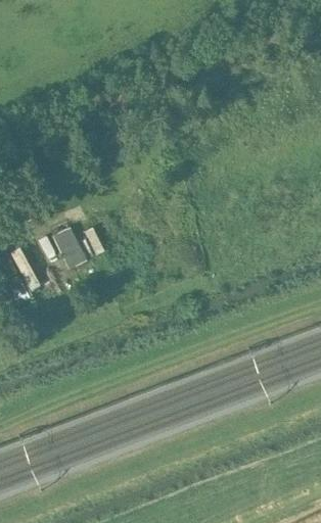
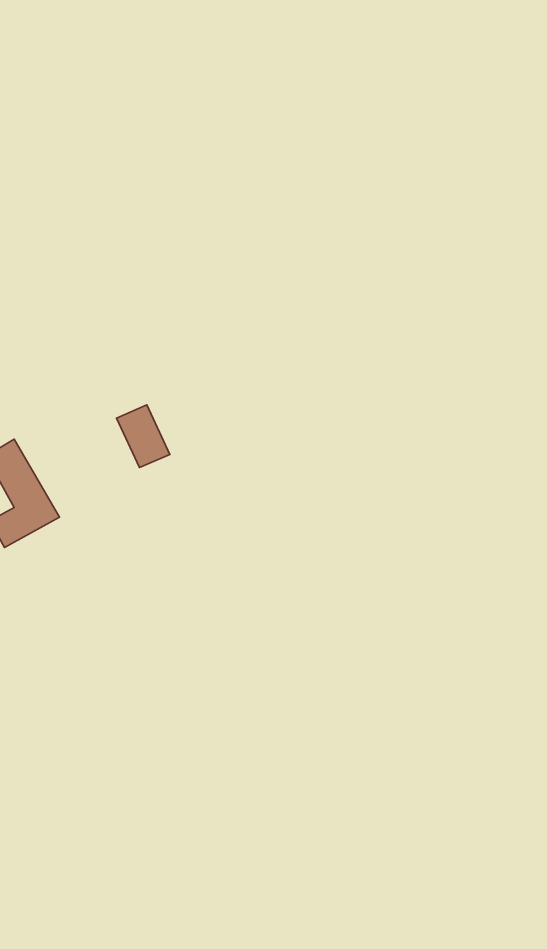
building: [50,227,85,270] -> none

